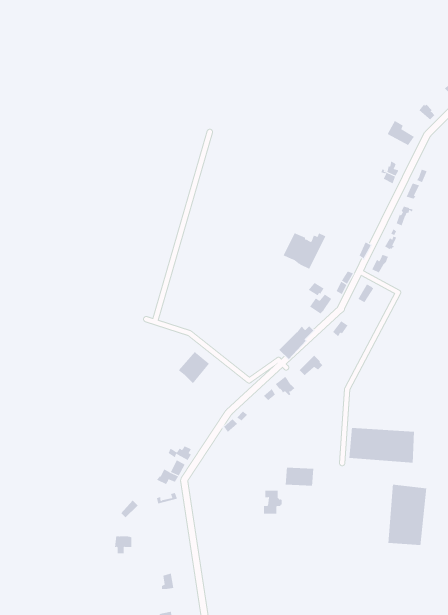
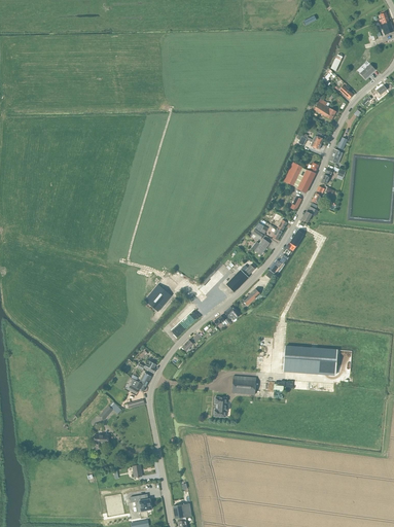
building: [283,232,326,269] -> [284,162,319,191]
building: [388,484,427,546] -> none

